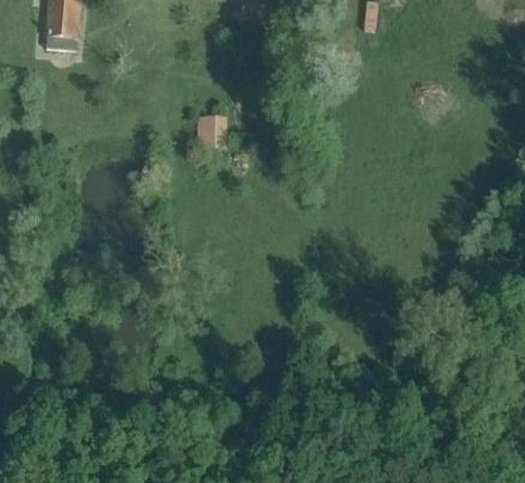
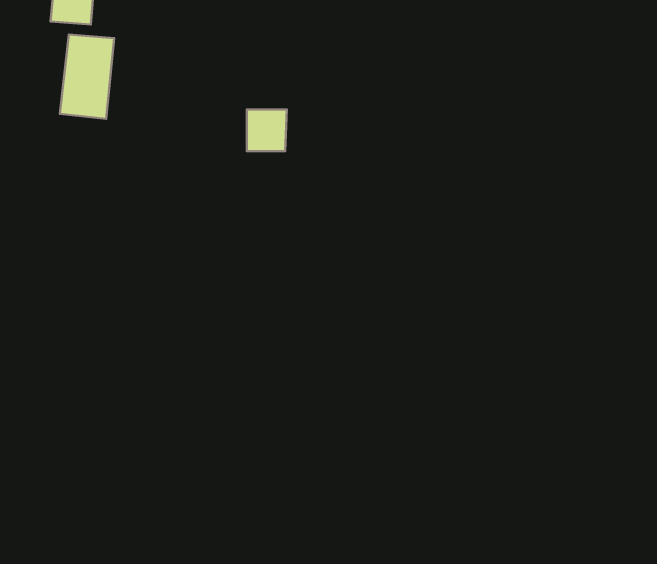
building: none -> [60,35,114,119]

